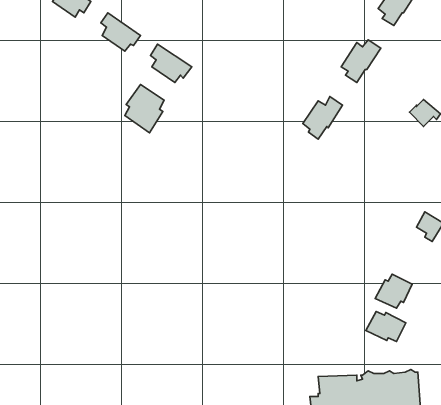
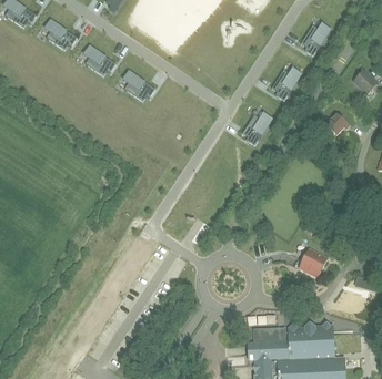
building: [125,85,164,133] -> none
building: [366,311,406,341] -> none

